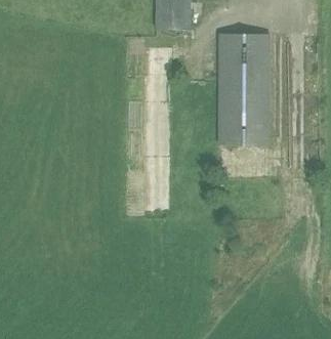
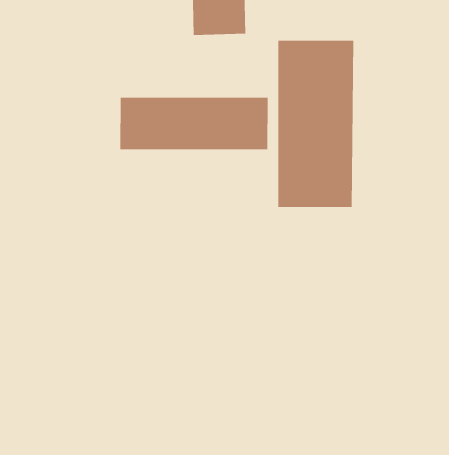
building: none -> [120,97,268,150]

